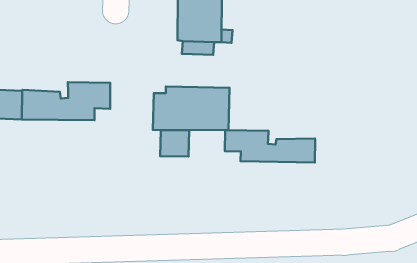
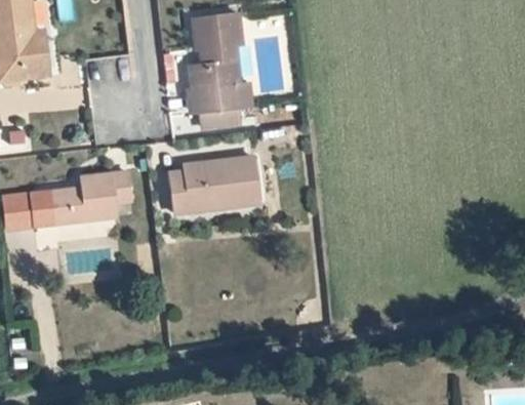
building: [160,130,189,156] -> none
building: [225,130,315,163] -> none

